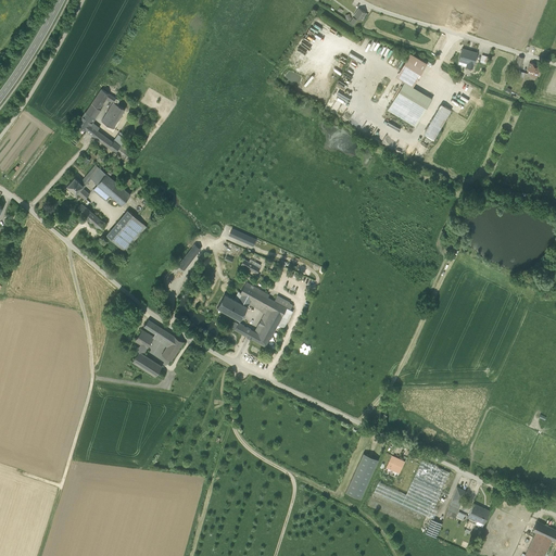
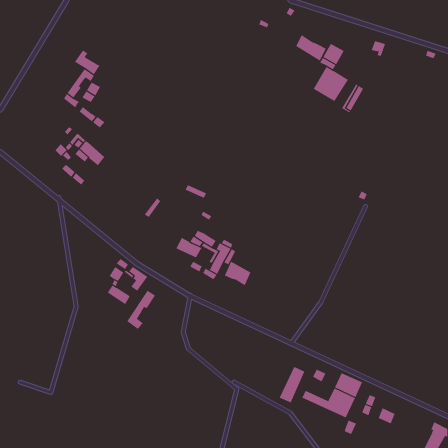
building: none -> [295,34,327,61]
building: none -> [74,50,100,75]
building: [106,211,147,252] -> none
building: none -> [224,261,251,286]
building: none -> [126,290,156,330]

